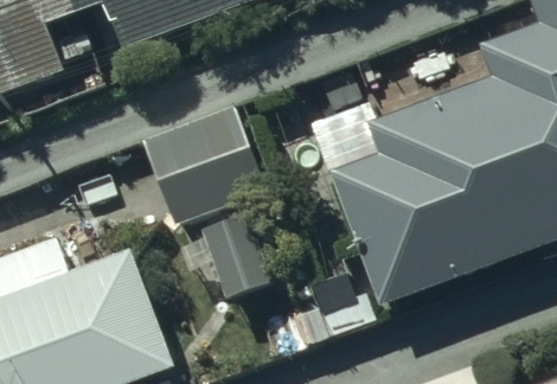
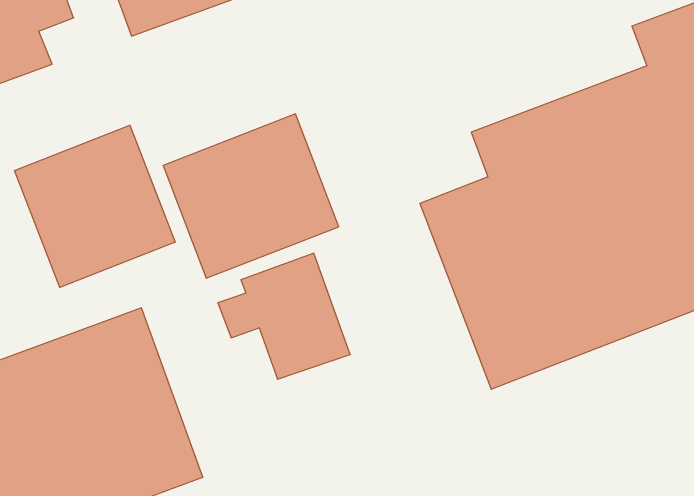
building: none -> [15,125,175,288]

